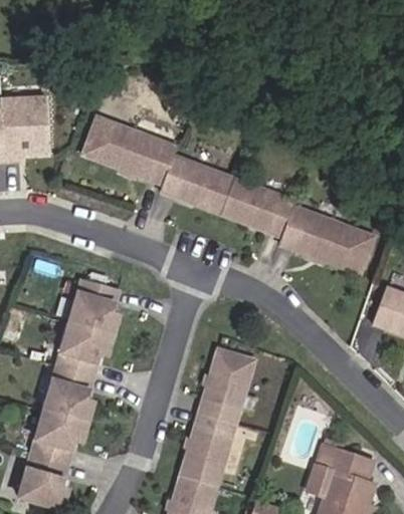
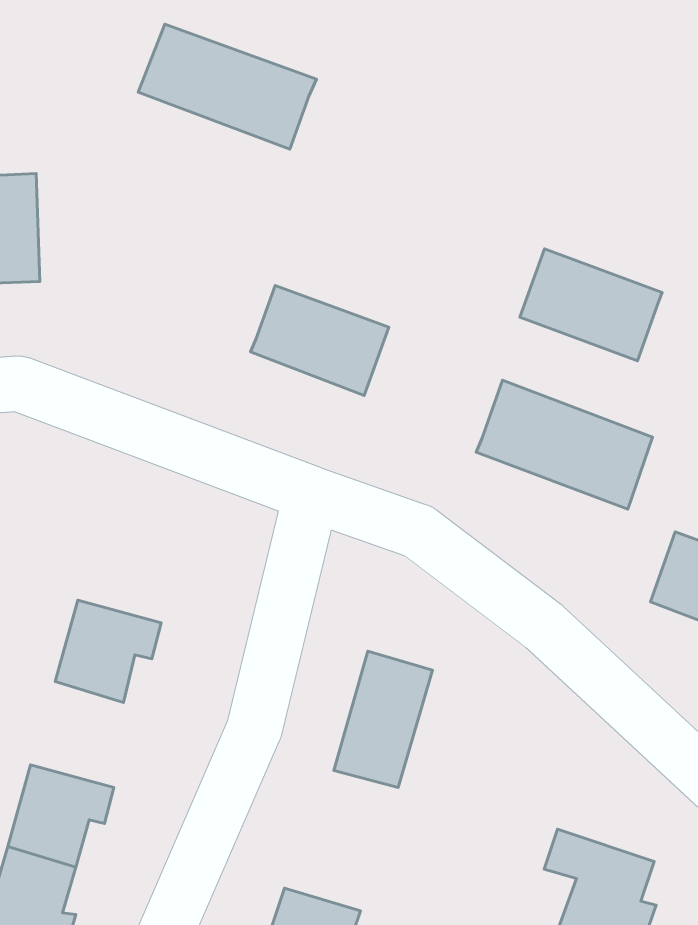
building: [81,116,176,183] -> [138,24,316,149]
building: [219,177,294,236] -> [520,249,662,361]
building: [67,280,117,333] -> none
building: [42,364,91,421] -> none
building: [185,412,237,484] -> none

